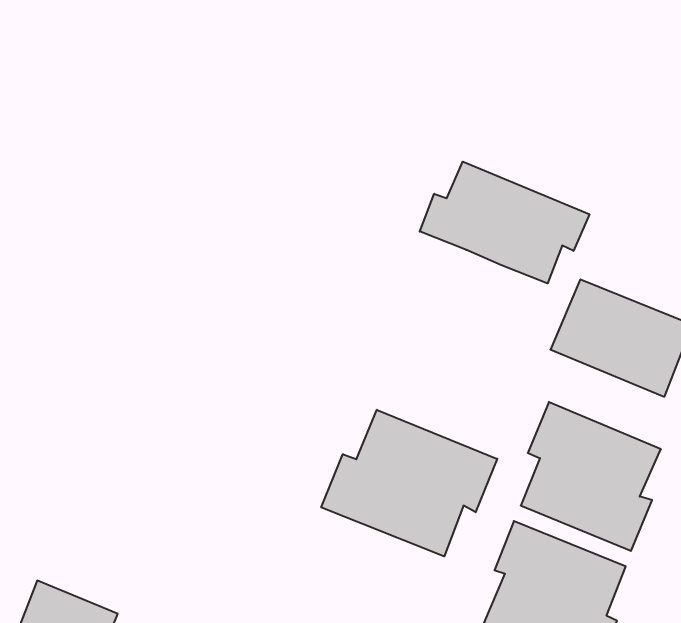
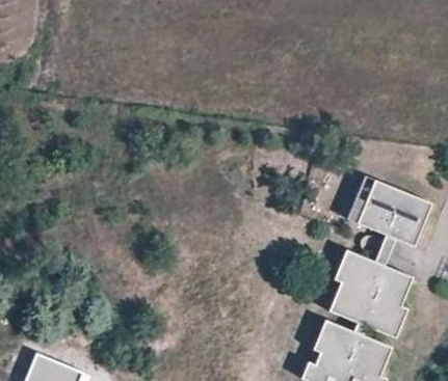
building: [420,162,589,283] -> none
building: [321,410,497,556] -> none

